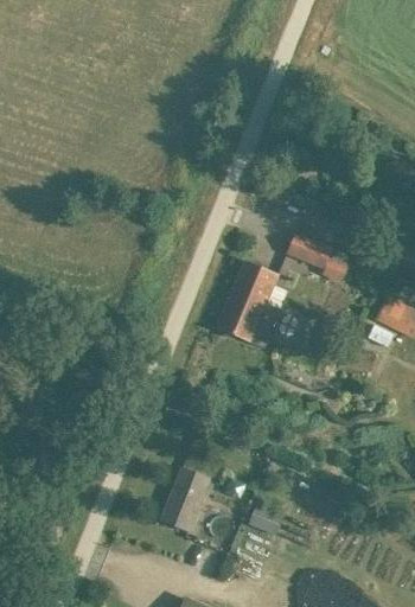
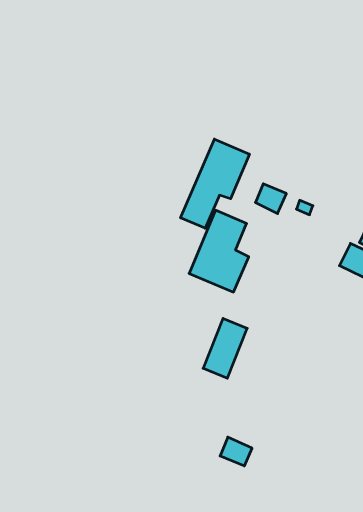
building: none -> [181,139,249,228]
building: [158,465,205,529] -> [203,318,247,378]

